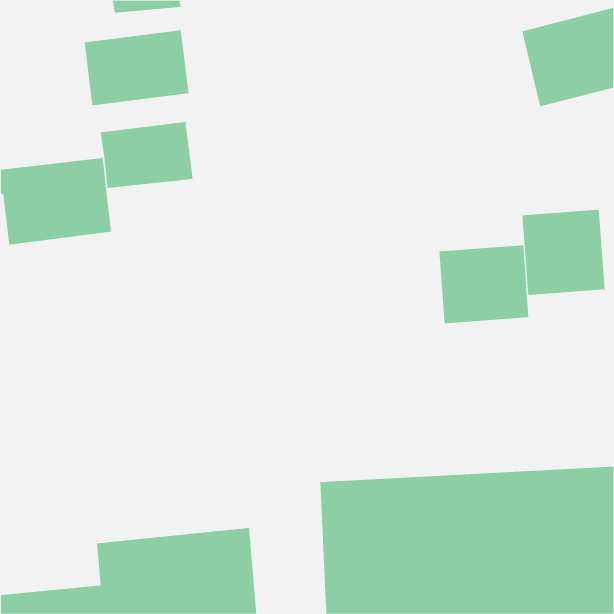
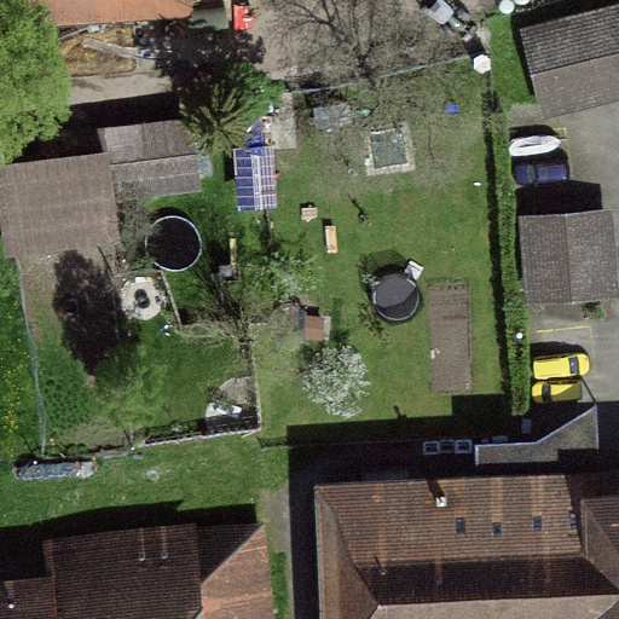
building: [84,30,189,106] -> none
building: [439,244,529,324] -> none

